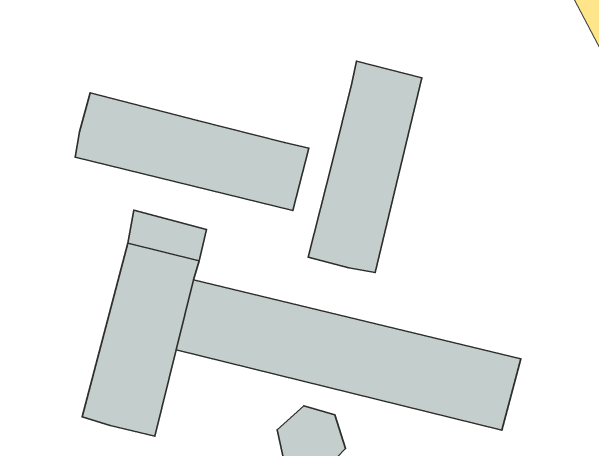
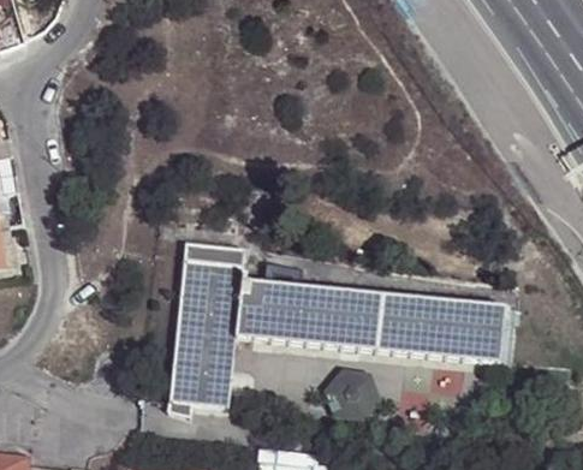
building: [308,61,422,273] -> none
building: [75,93,309,210] -> none

